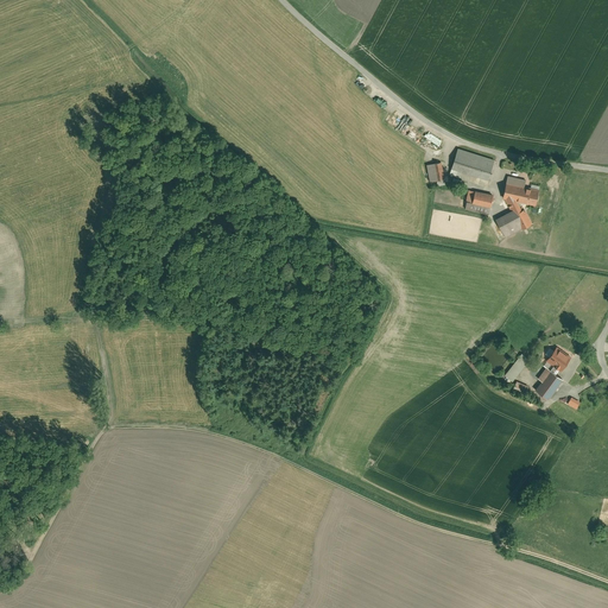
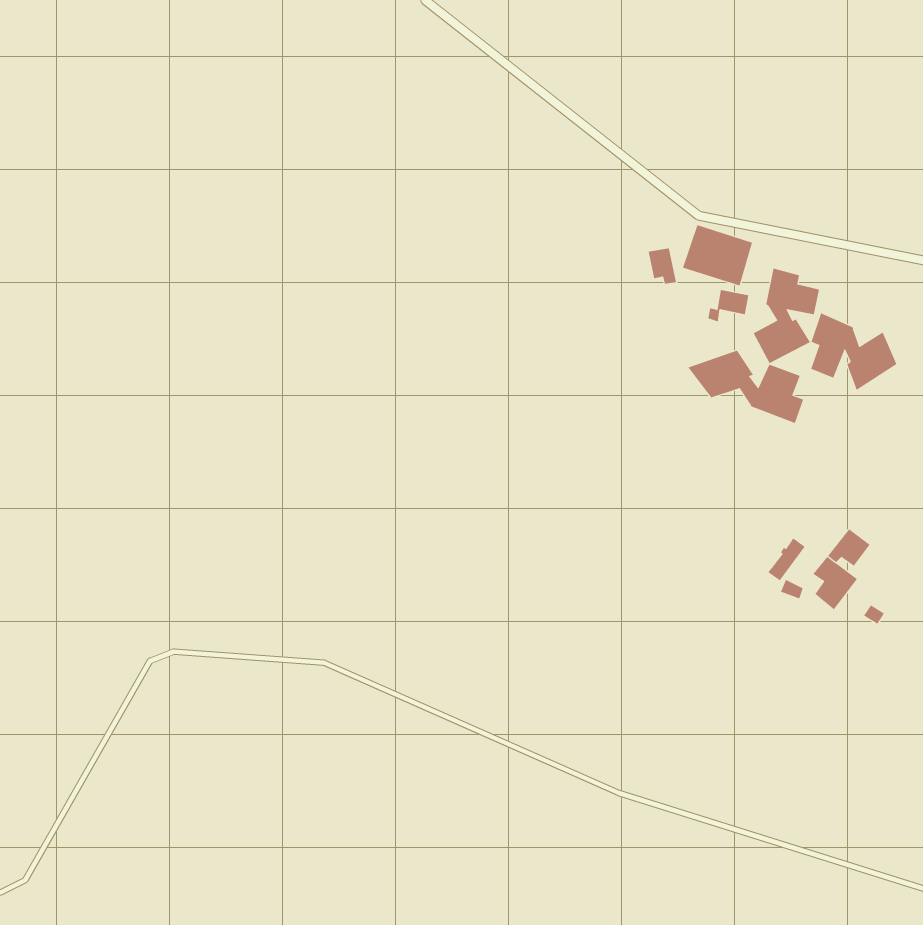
building: none -> [811,313,897,391]
building: none -> [687,350,804,424]

